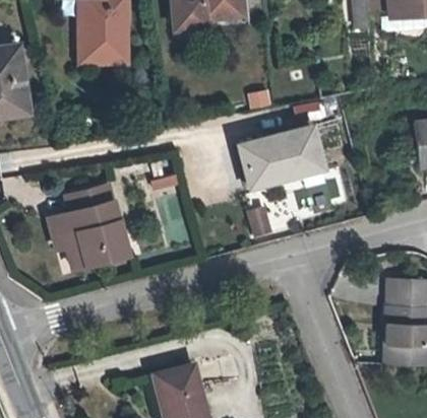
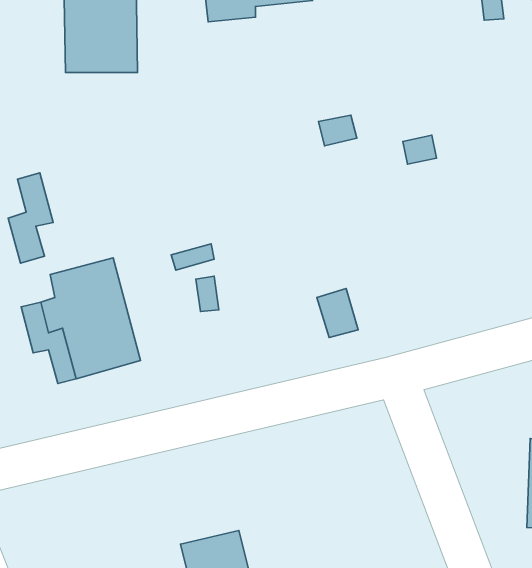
building: [240,126,322,186] -> none
building: none -> [8,173,53,263]

